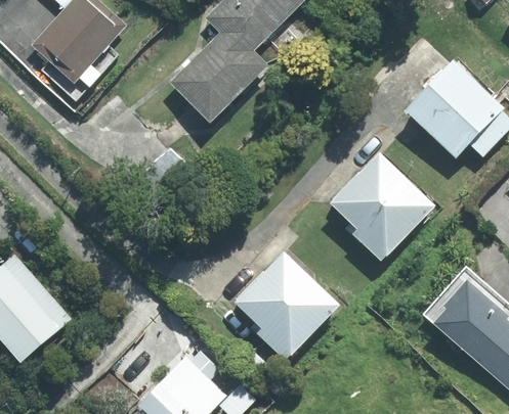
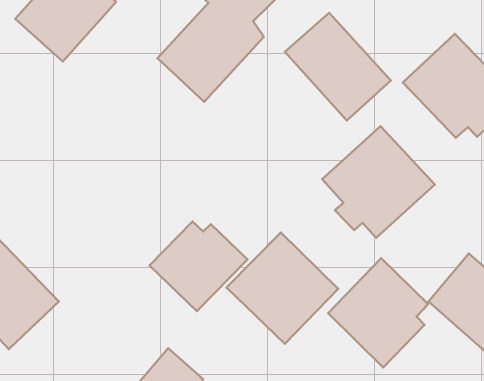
building: none -> [285,13,391,121]
building: none -> [149,222,248,311]
building: none -> [328,258,428,368]

